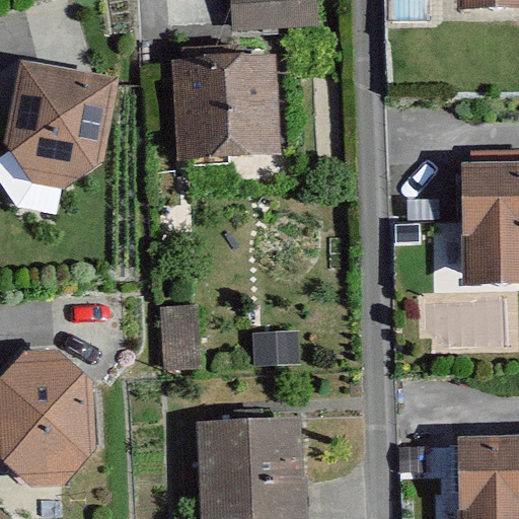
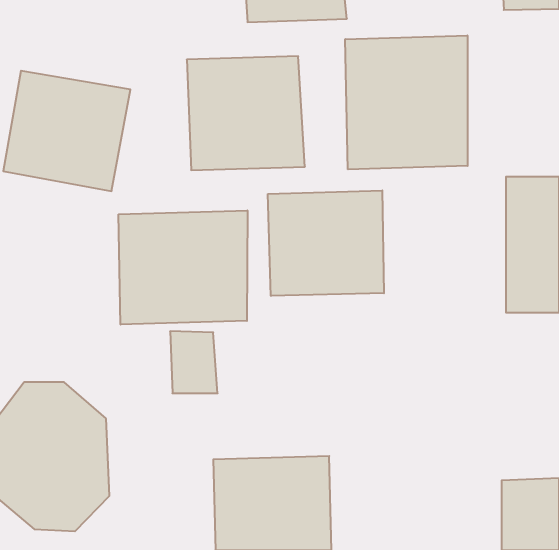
building: none -> [345,35,468,169]
building: none -> [268,190,384,296]
building: none -> [119,210,247,325]

